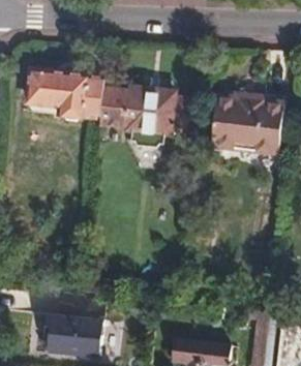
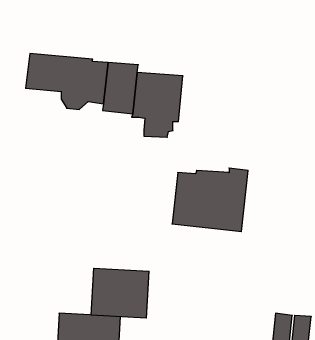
building: [212,91,282,150] -> [172,168,248,232]
building: none -> [91,268,149,318]

